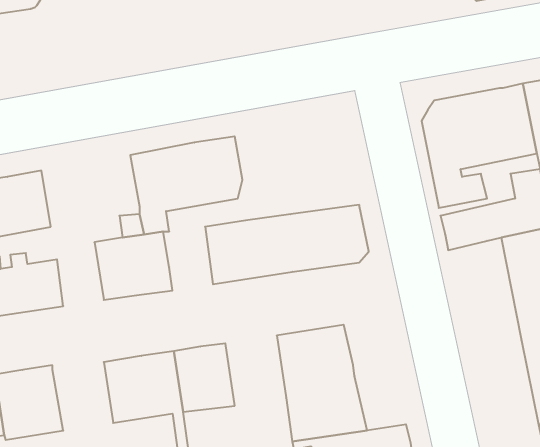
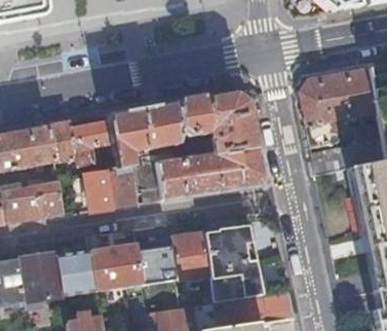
building: none -> [178,89,260,152]
building: none -> [50,119,115,166]
building: none -> [130,160,163,200]
building: none -> [171,232,211,279]
building: none -> [57,250,98,295]

